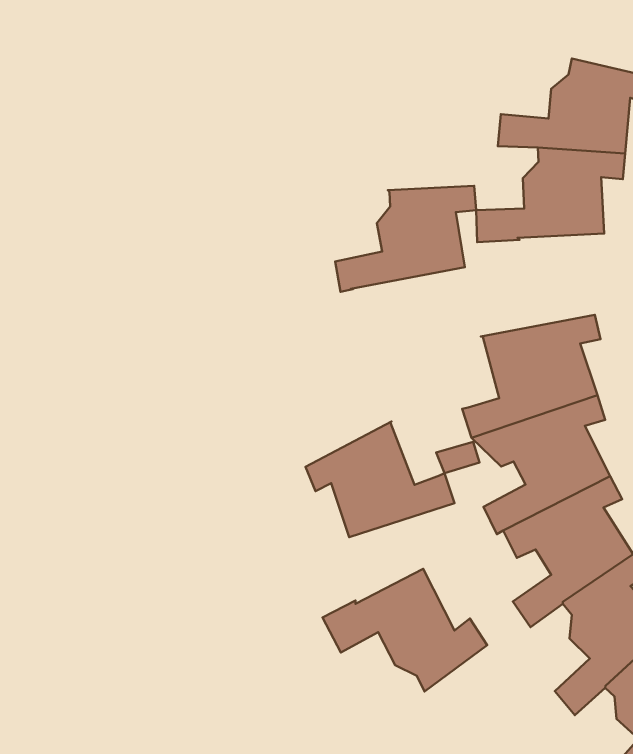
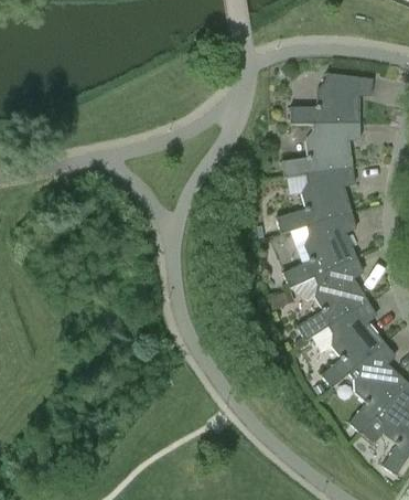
building: [335,186,476,292] -> [280,167,355,232]
building: [306,422,455,537] -> none
building: [322,569,487,691] -> none

